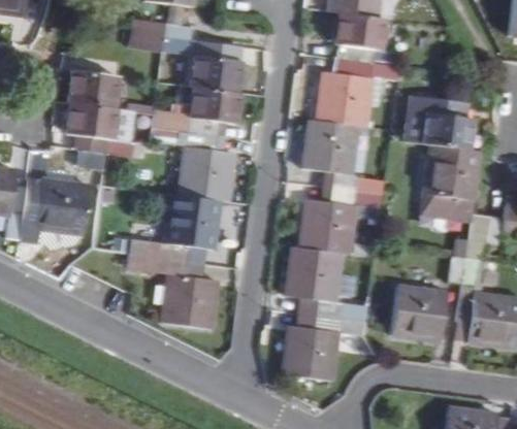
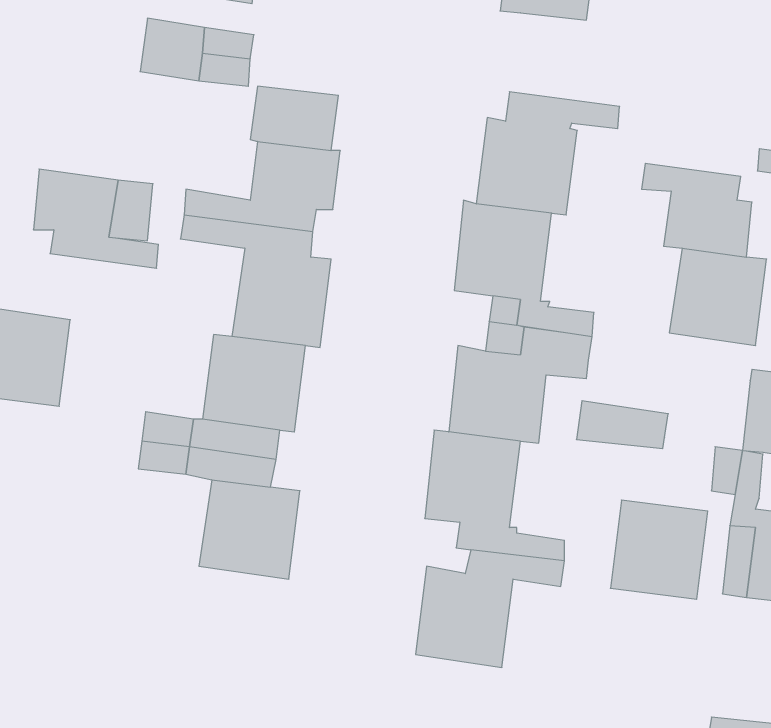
building: [335,13,399,66] -> none
building: [68,68,119,107] -> none
building: [422,193,474,220] -> [576,401,668,449]

